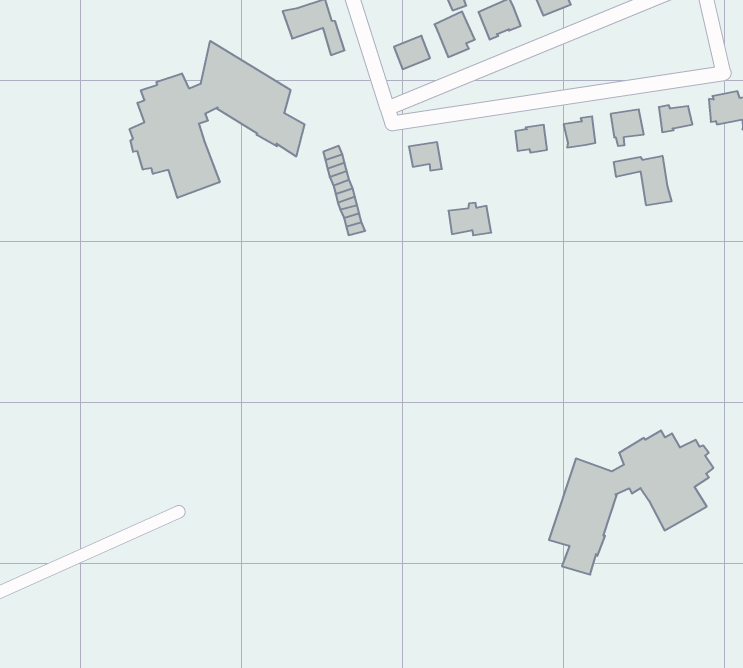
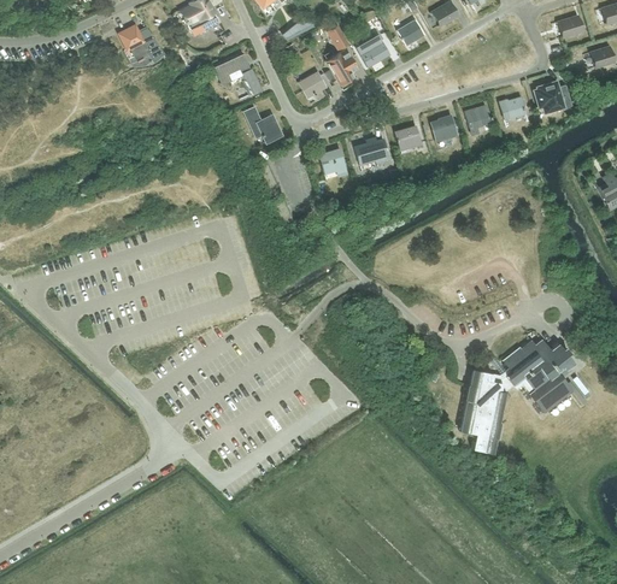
building: [130,41,305,198] -> none
building: none -> [245,106,281,142]
building: [614,156,672,205] -> none
building: [448,203,491,235] -> [355,137,389,163]

